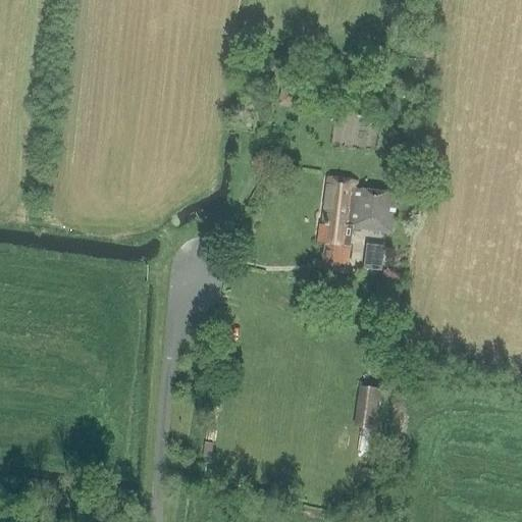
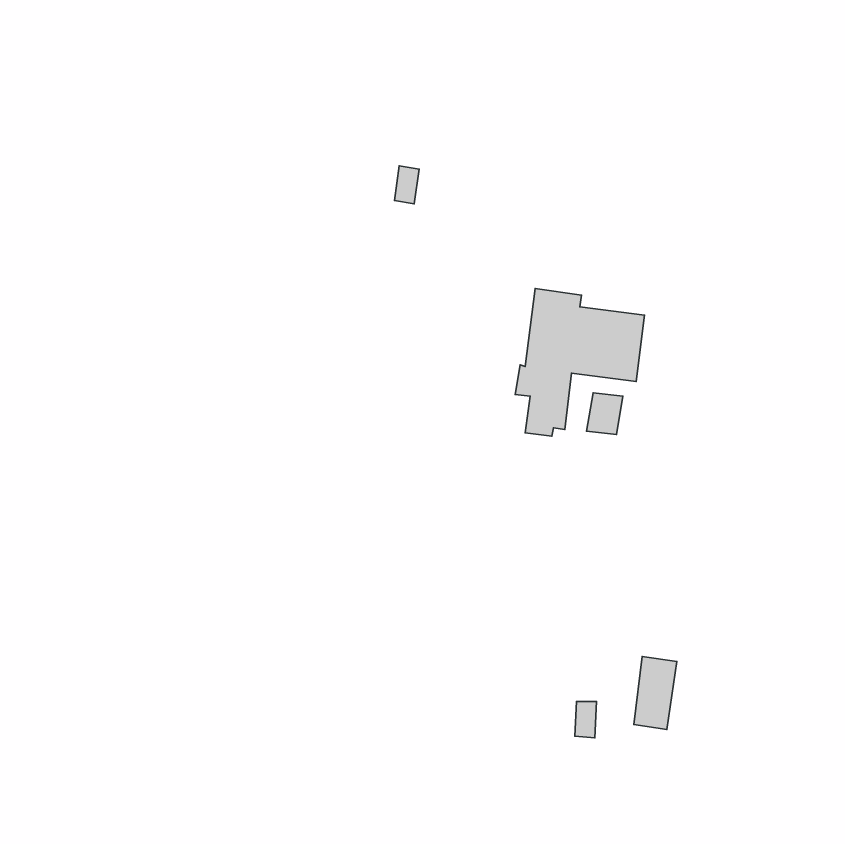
building: [355,384,381,429] -> [634,657,677,730]

